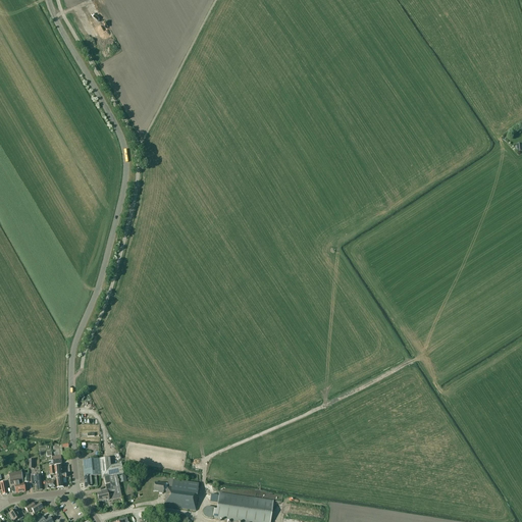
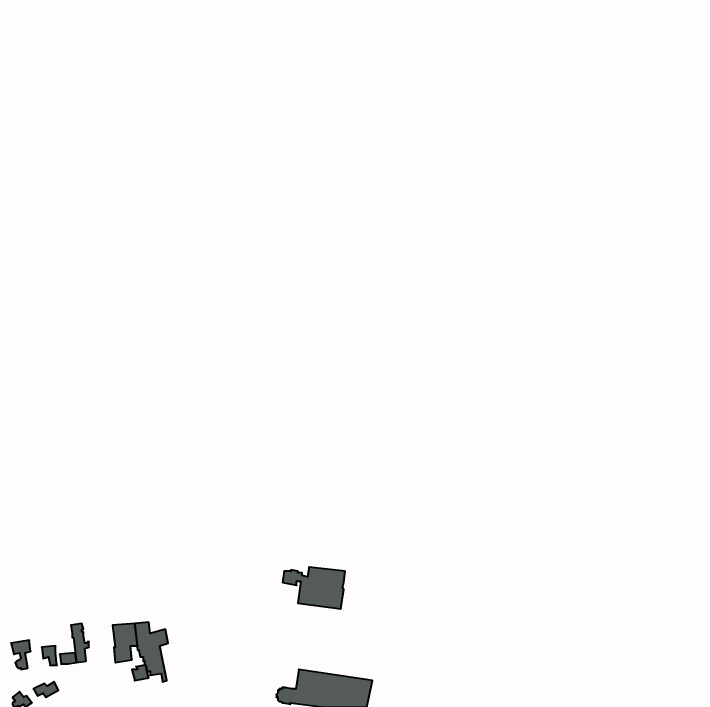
building: [153,478,199,509] -> [283,567,345,609]

